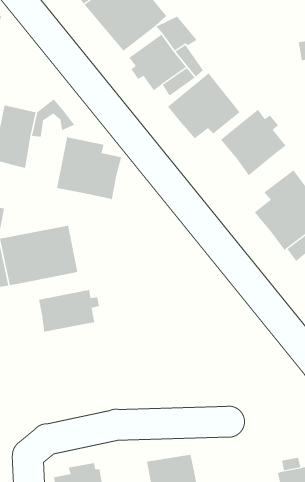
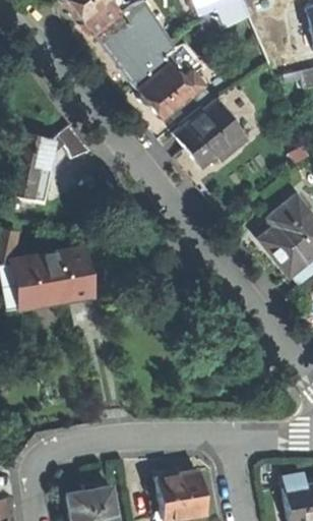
building: [220,109,286,176] -> none
building: [56,137,122,200] -> none
building: [38,289,100,333] -> none

